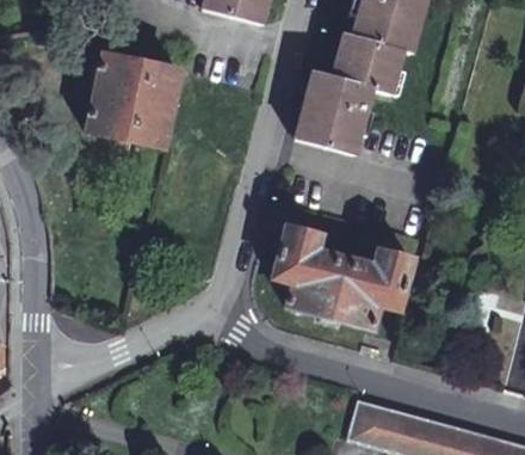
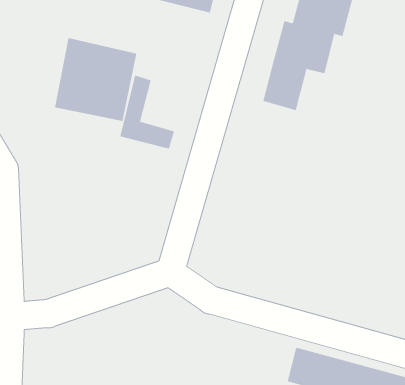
building: [297,70,359,154] -> [120,75,175,149]
building: [273,225,414,327] -> none

